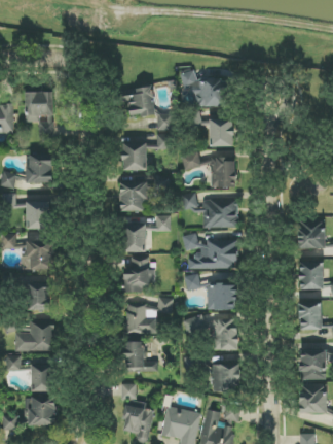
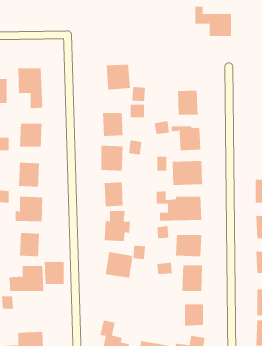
building: [184,71,227,106] -> [194,6,232,37]
building: [123,341,156,371] -> none
building: [30,365,53,391] -> [44,261,64,285]

